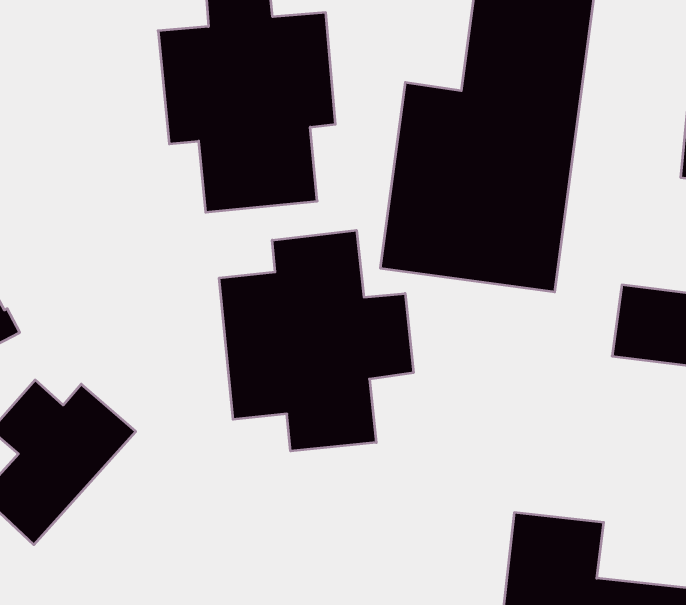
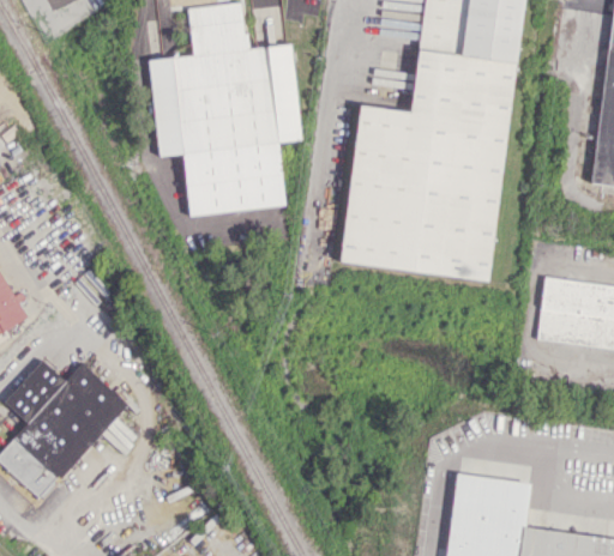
building: [219,230,413,451] -> none

